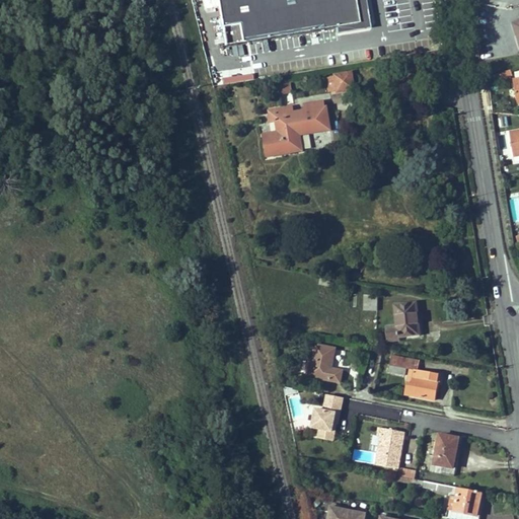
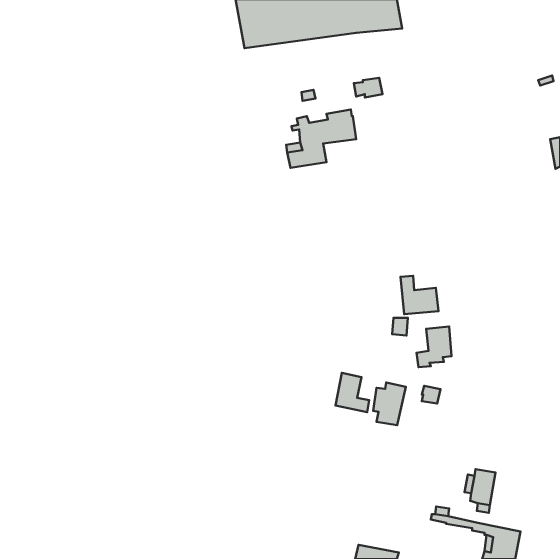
building: none -> [401,276,438,314]
building: [406,368,440,399] -> none
building: [313,400,344,440] -> [373,382,406,425]
building: [376,426,405,466] -> none

